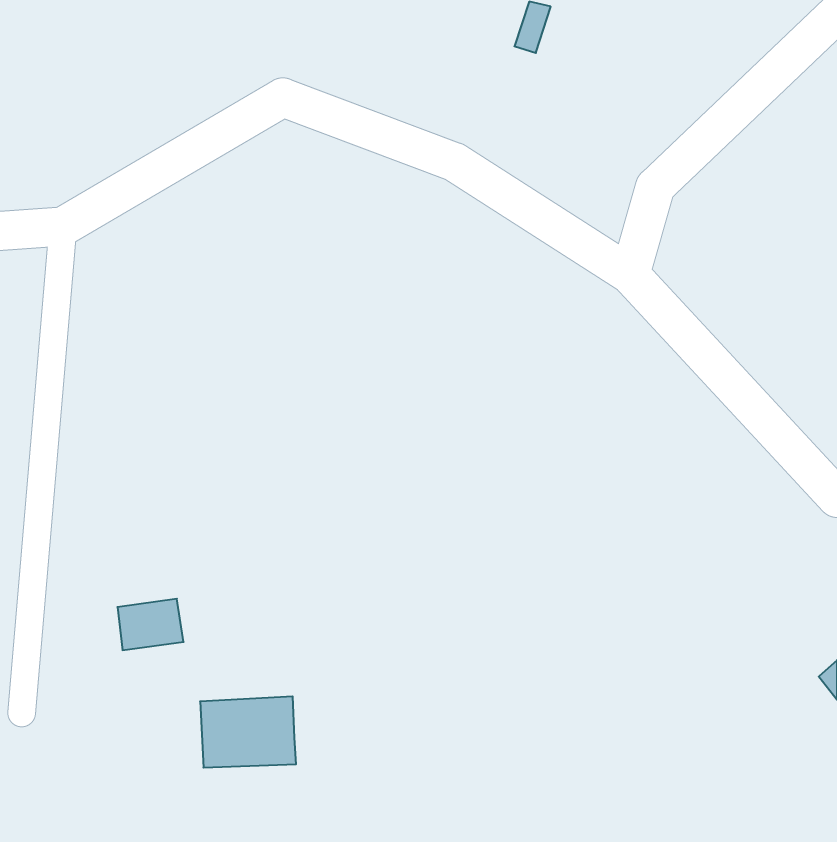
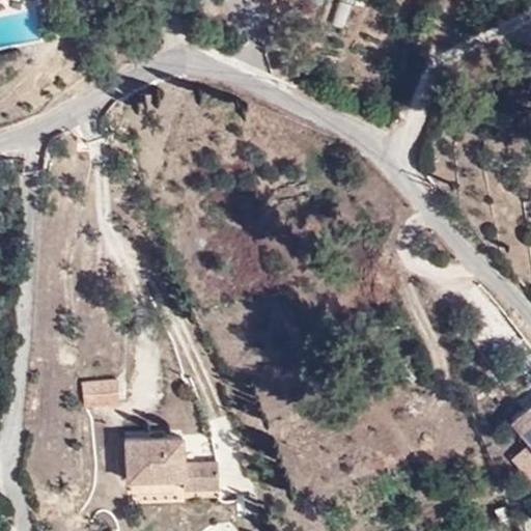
building: none -> [185,464,219,492]

